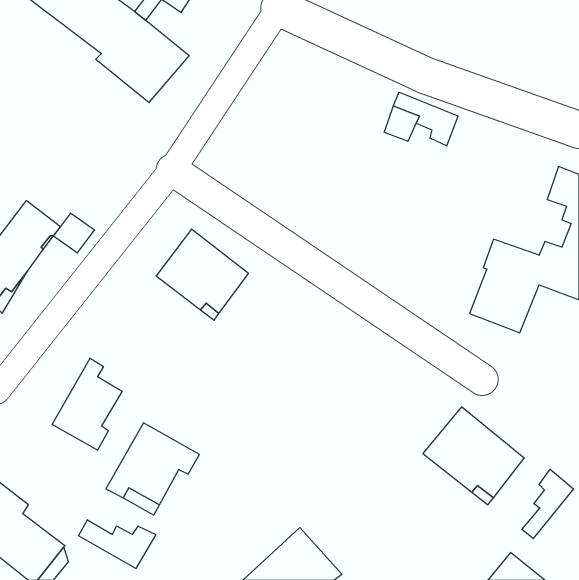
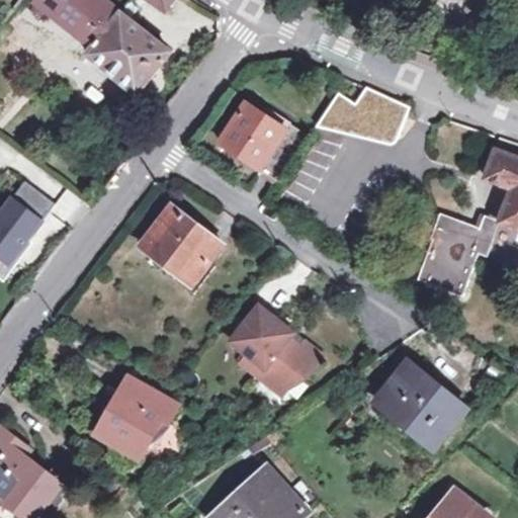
building: none -> [219,102,309,182]
building: none -> [232,305,321,393]
building: [52,358,122,450] -> none
building: [522,469,574,539] -> none
building: [78,520,156,568] -> none

